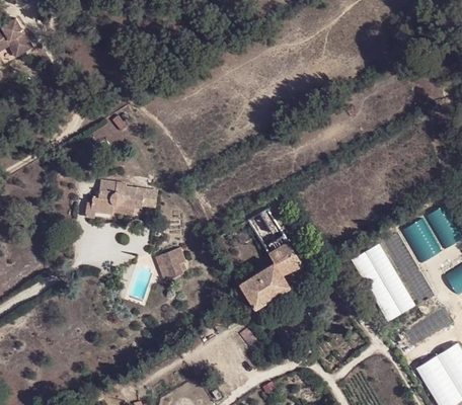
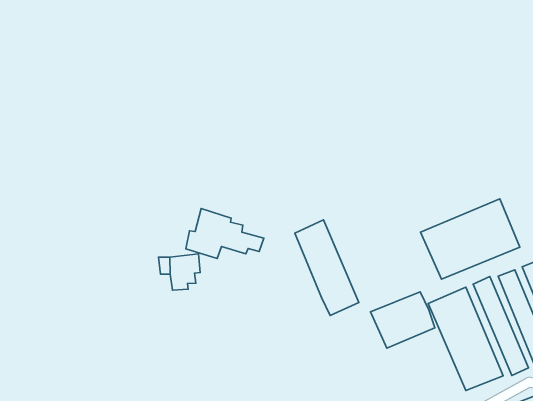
building: none -> [421,199,520,279]
building: [92,184,147,219] -> [186,208,264,259]
building: [241,265,289,309] -> [371,292,435,348]

